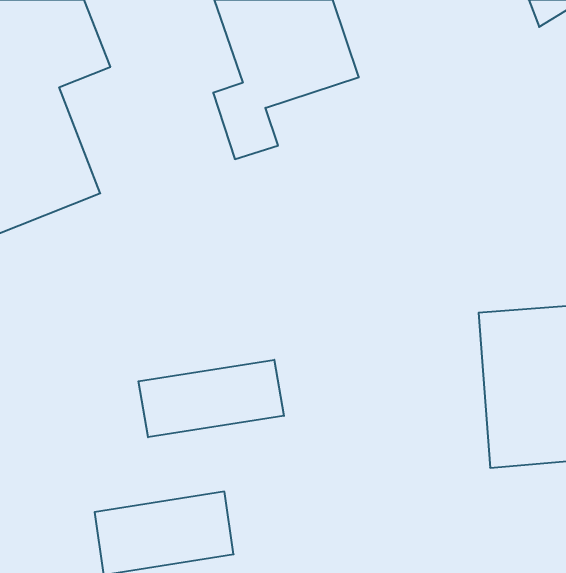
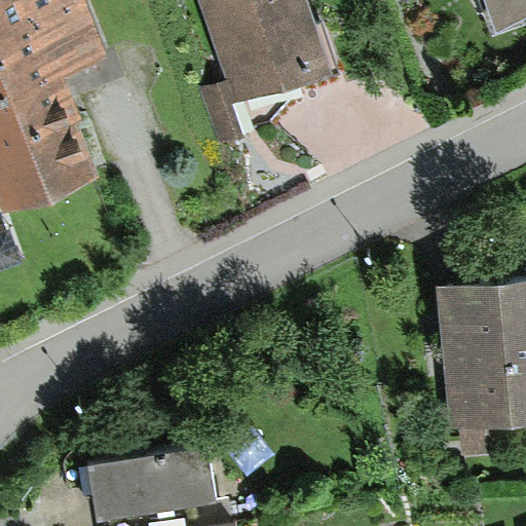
building: [138,360,284,437] -> none

